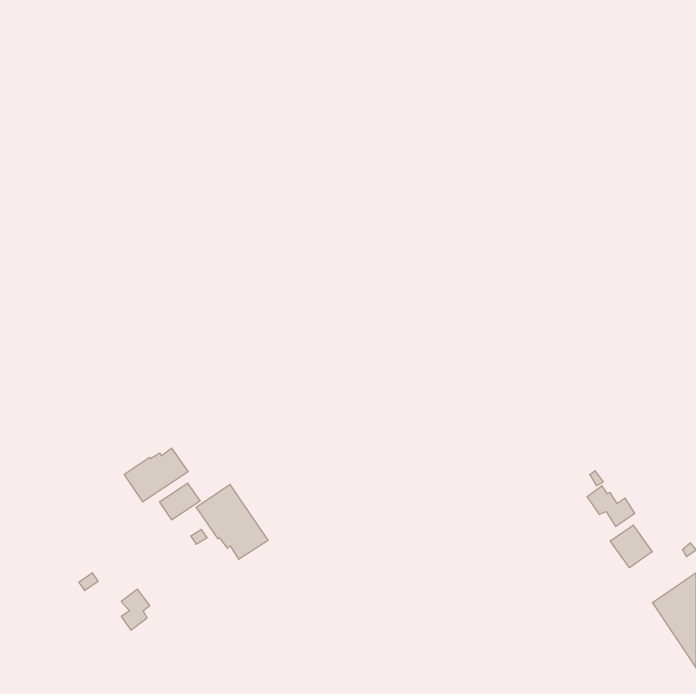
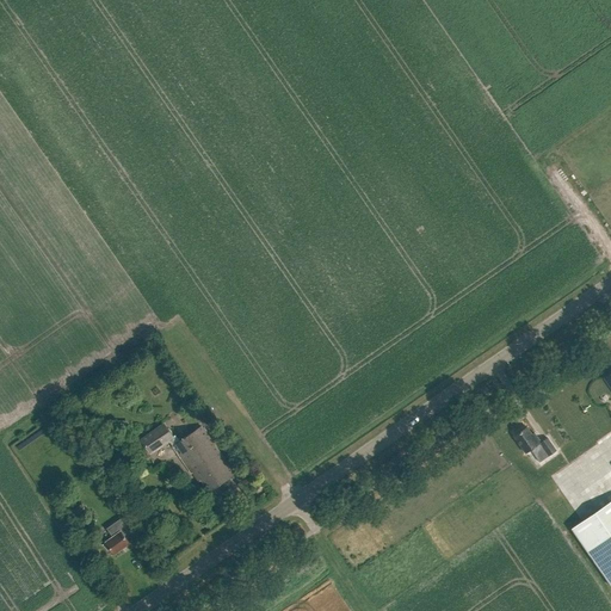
building: [124,448,188,502] -> none
building: [610,525,652,568] -> none

